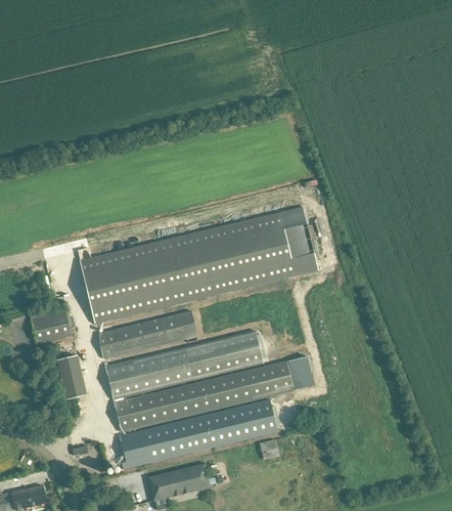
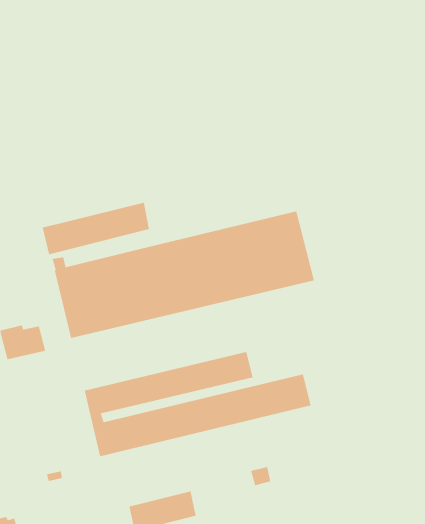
building: [97,309,196,358] -> [42,202,150,255]
building: [56,354,86,398] -> none
building: [119,398,277,467] -> none

